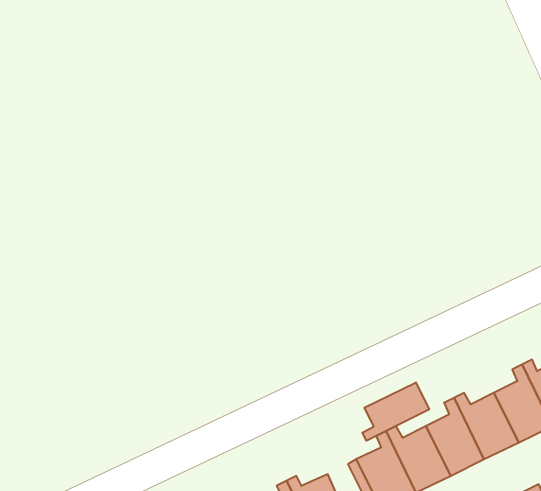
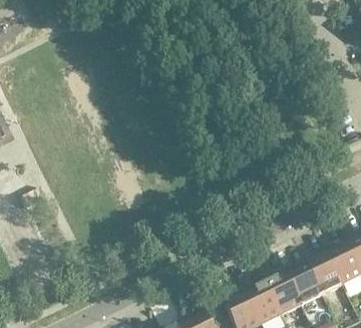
building: [362,382,429,441] -> none

